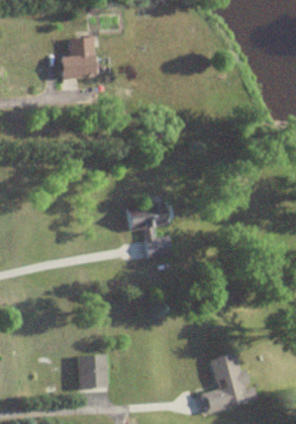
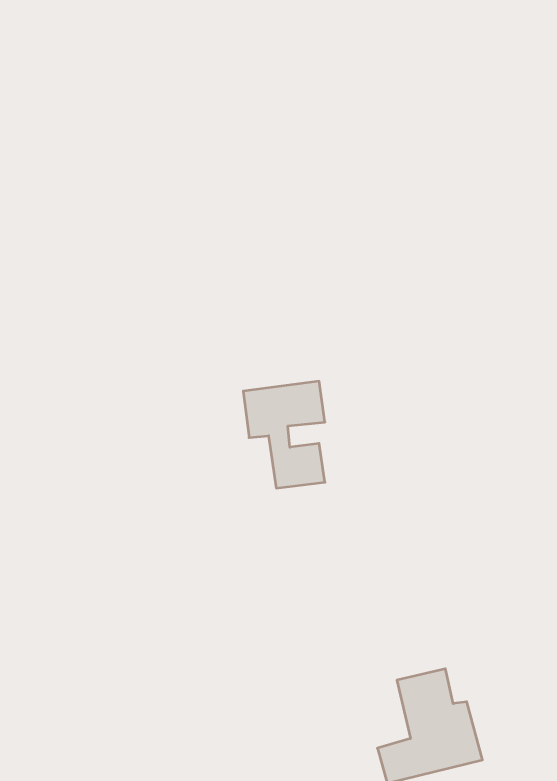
building: [62,36,95,77] -> none
building: [80,355,105,388] -> none

